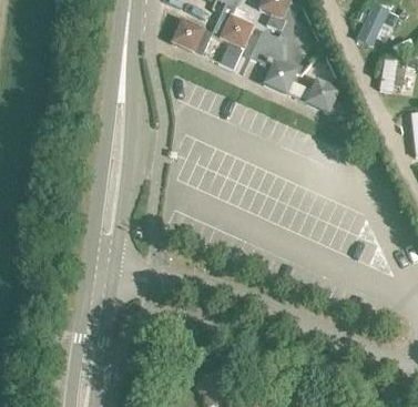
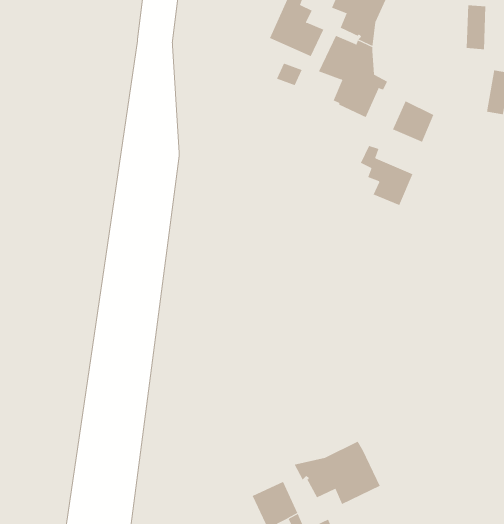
building: [172,20,213,57] -> none
building: none -> [360,145,413,206]
building: none -> [294,441,380,505]

